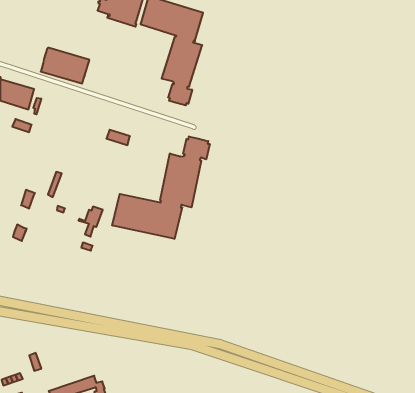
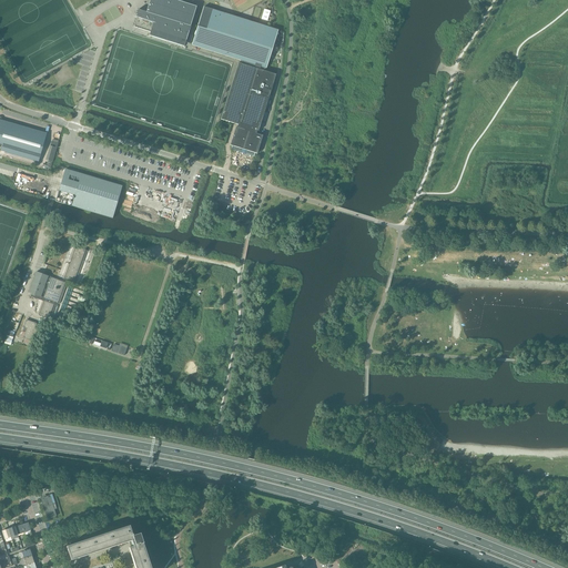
building: [41,48,89,84] -> [55,168,122,216]
building: [112,136,210,239] -> none
building: [78,207,103,237] -> [31,275,64,316]

